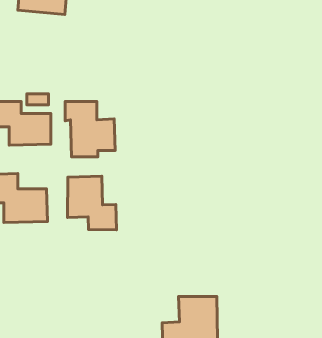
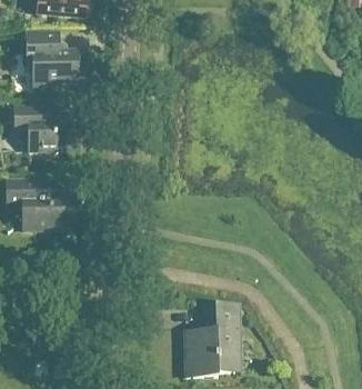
building: [65,101,115,157] -> [26,31,77,88]
building: [68,176,117,230] -> none

